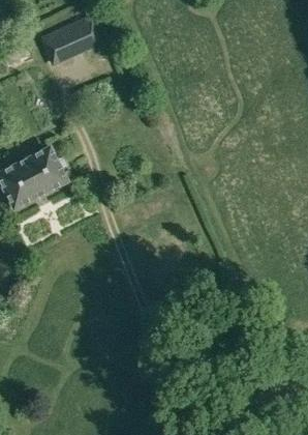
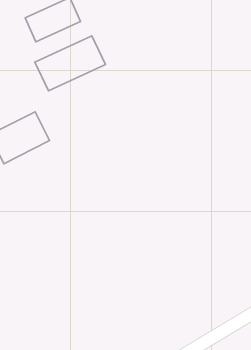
building: none -> [35,36,105,91]

